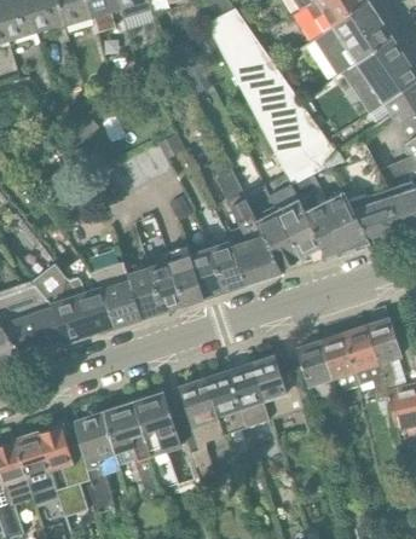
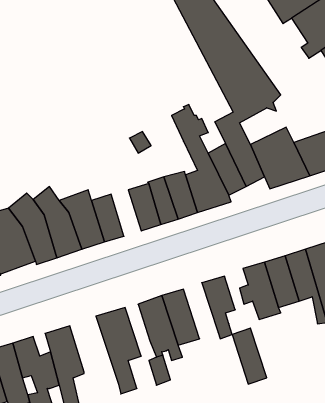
building: [148,259,181,312] -> none
building: [229,364,267,427] -> [232,328,267,384]
building: [102,401,156,482] -> none

